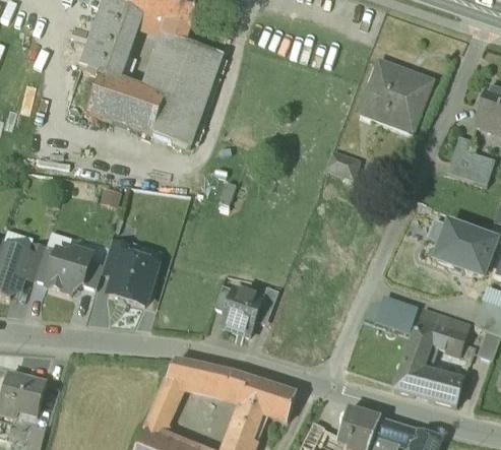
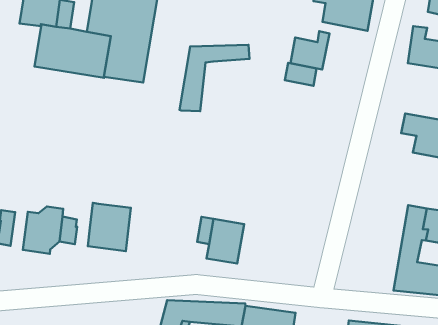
building: none -> [180,45,249,111]
building: none -> [291,31,330,69]
building: [102,240,130,275] -> none
building: [377,295,419,331] -> none

